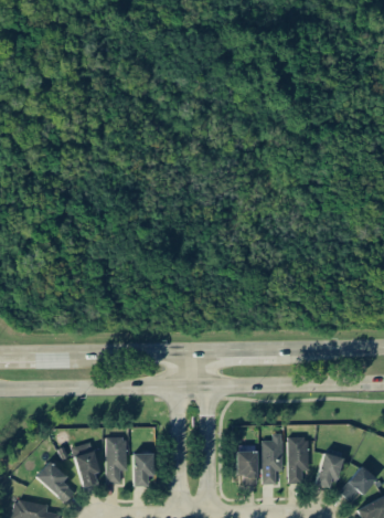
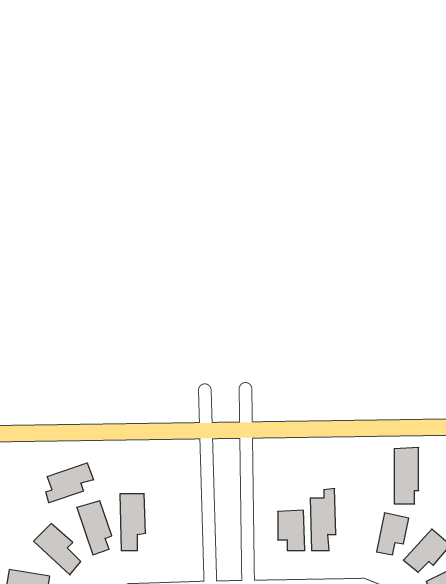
building: none -> [46,463,93,503]
building: [289,436,309,483] -> [394,447,419,504]
building: [134,454,153,487] -> none

